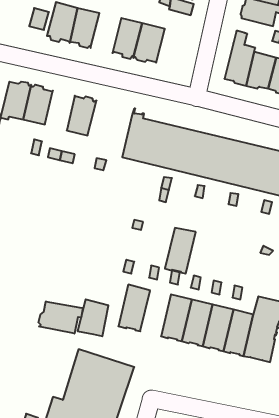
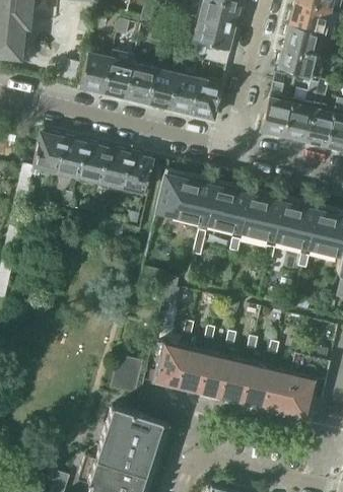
building: none -> [124,64,155,104]
building: none -> [191,80,222,121]
building: none -> [77,142,108,184]
building: none -> [121,152,152,194]
building: [165,228,196,274] -> [175,347,206,394]
building: [38,301,83,334] -> none

